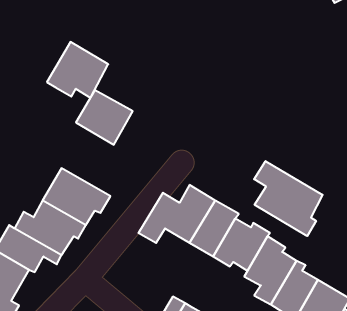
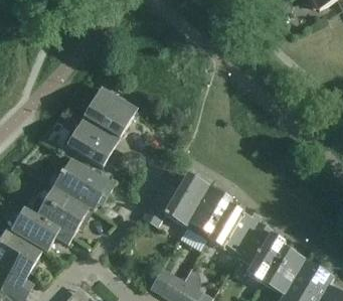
building: [47,42,108,98] -> [63,117,119,167]
building: [254,161,323,236] -> none

